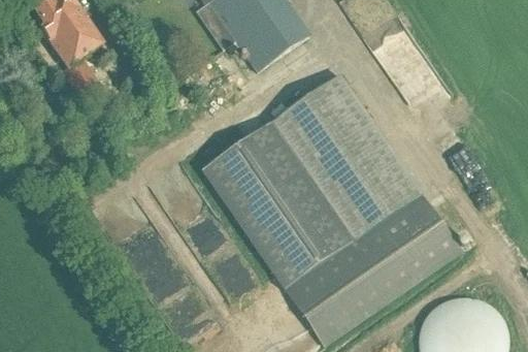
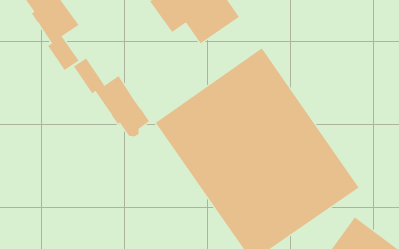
building: none -> [73,57,150,138]

